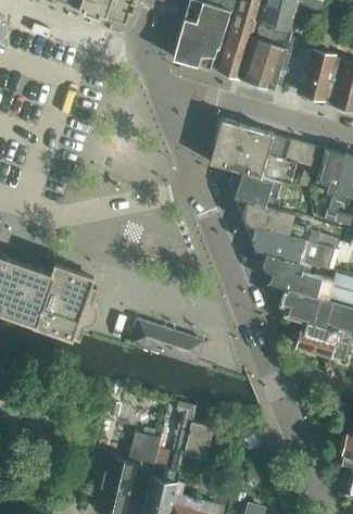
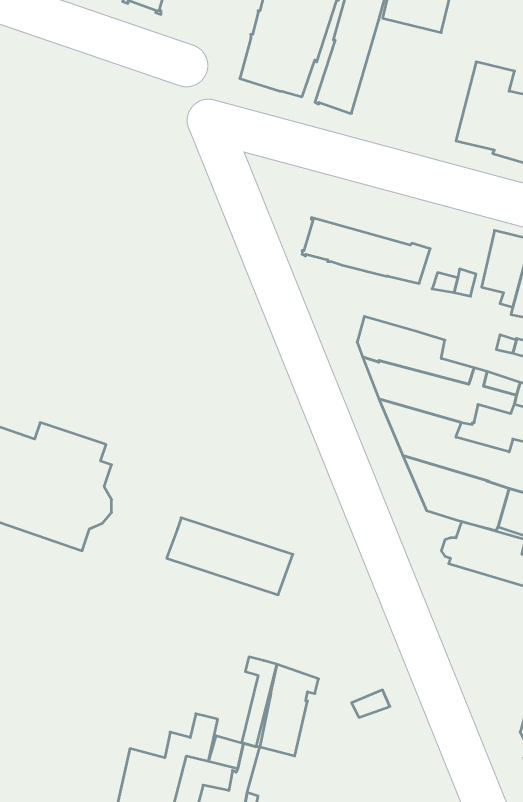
building: [240,40,287,91] -> none
building: [215,121,320,168] -> none
building: [229,171,281,210] -> none

